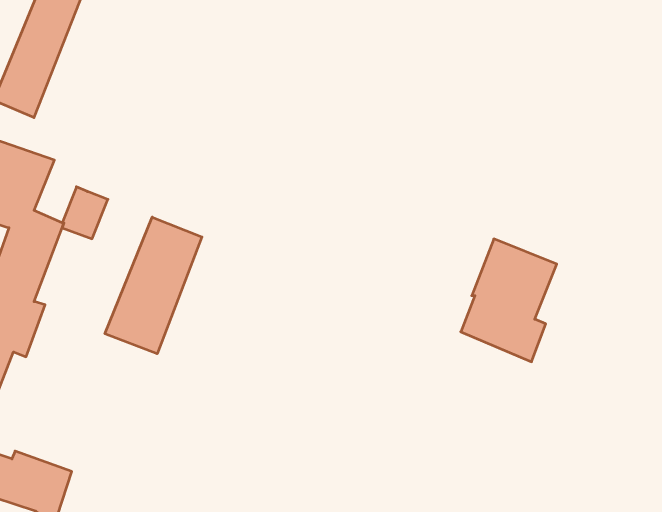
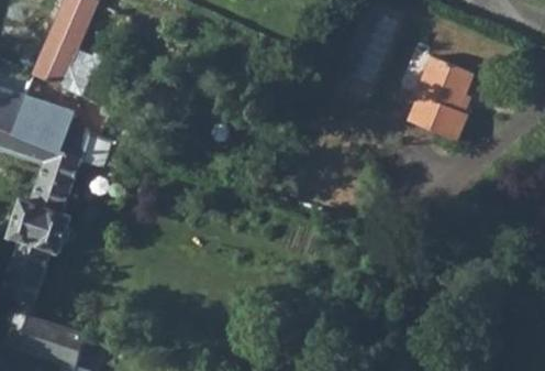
building: [105,217,202,354] -> none
building: [461,239,557,362] -> [409,53,476,139]

